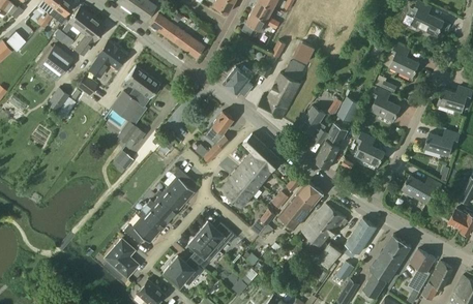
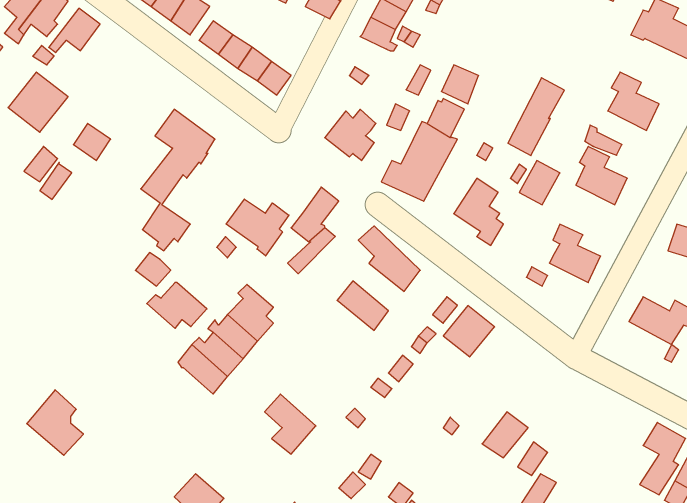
building: [76,16,105,53] -> none
building: [89,40,126,75] -> none
building: none -> [226,199,289,256]
building: [315,123,348,169] -> [508,78,564,156]
building: [240,155,270,183] -> none
building: [221,177,253,207] -> none
building: [278,197,308,227] -> none
building: [302,203,348,245] -> none
building: [123,216,158,243] -> [147,282,207,328]
building: [346,217,377,252] -> none
building: [198,220,236,250] -> none
building: [368,234,411,286] -> none
building: [105,238,138,276] -> [27,390,83,455]
building: [164,254,204,284] -> none

